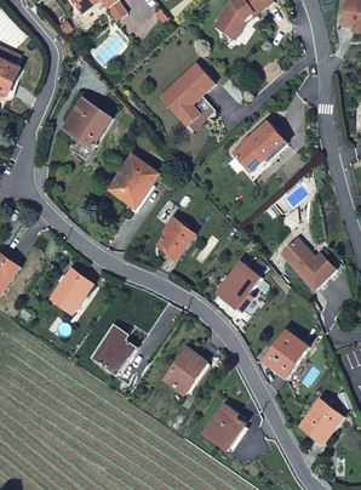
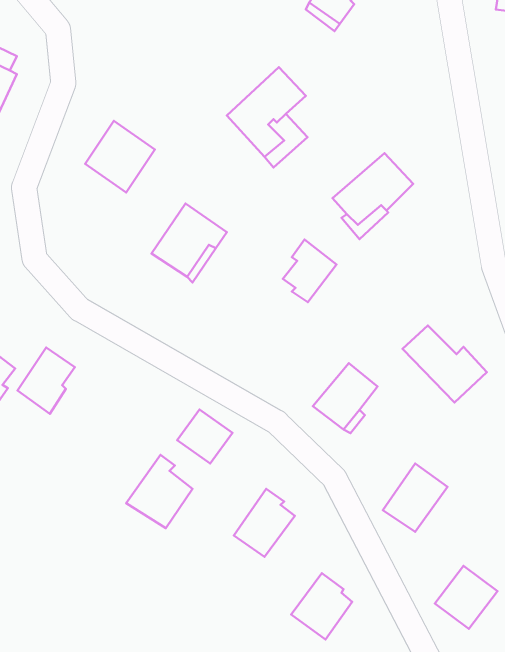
building: [159,217,195,260] -> [283,239,337,302]
building: [52,269,91,314] -> [17,348,75,414]
building: none -> [177,409,233,463]

